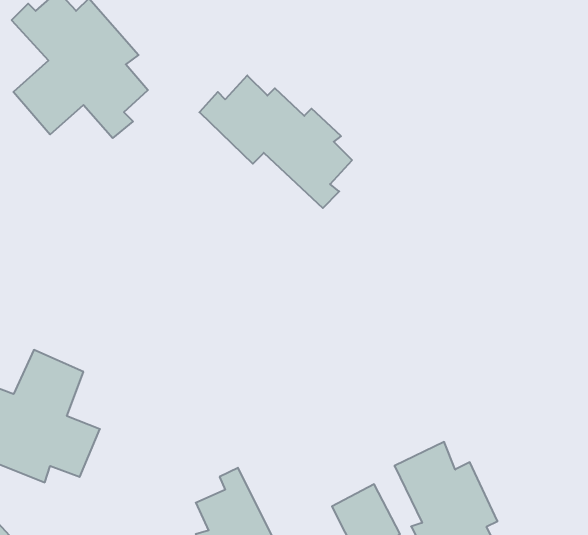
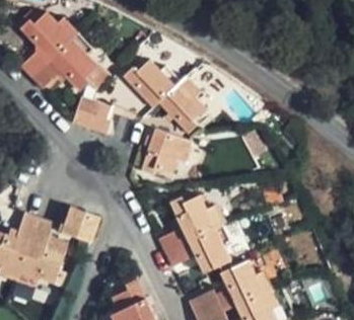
building: none -> [70,98,109,136]
building: none -> [137,129,188,176]
building: none -> [163,189,237,272]
building: none -> [63,202,103,239]

